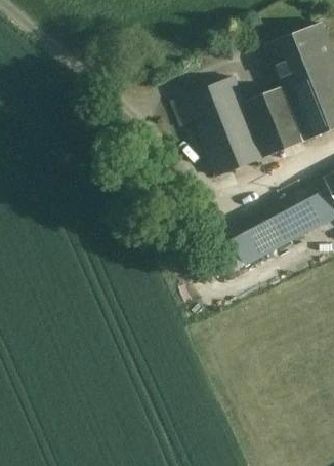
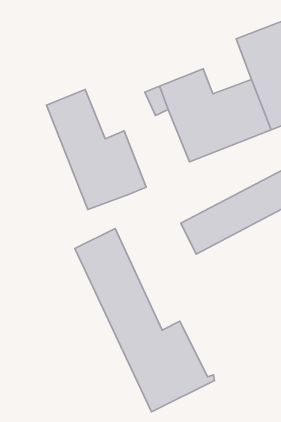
building: none -> [47,89,146,210]
building: none -> [75,228,214,412]

